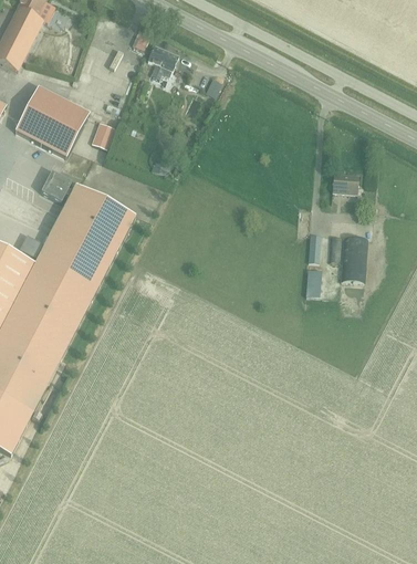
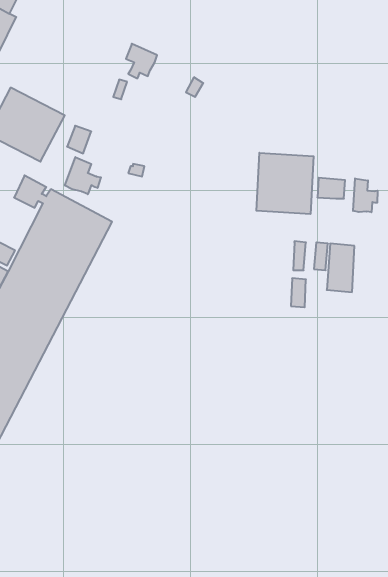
building: none -> [256,153,314,214]
building: none -> [65,157,101,194]
building: none -> [353,178,378,212]

